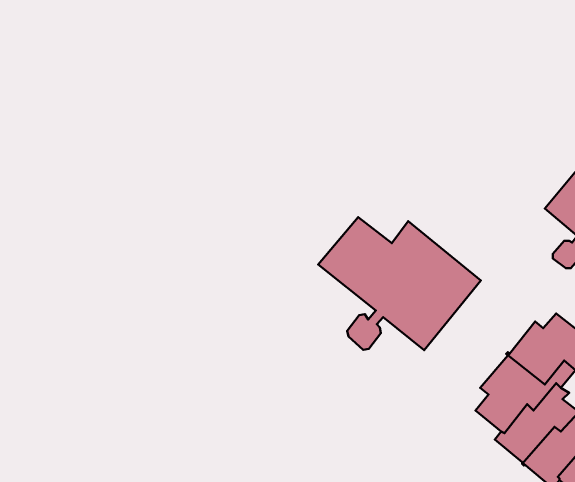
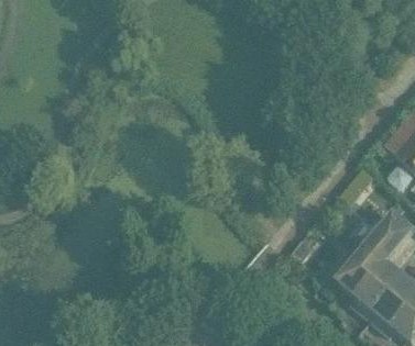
building: [318,217,481,350] -> none

